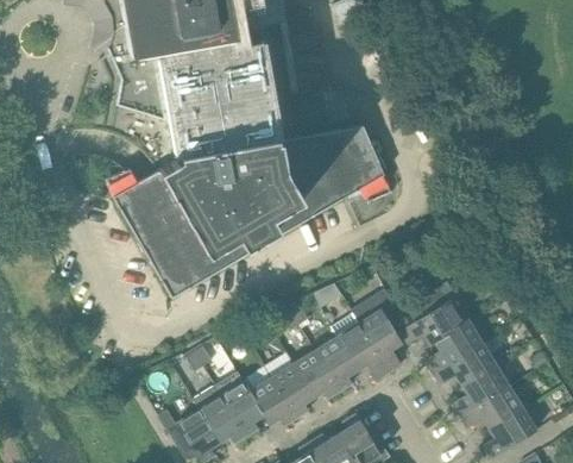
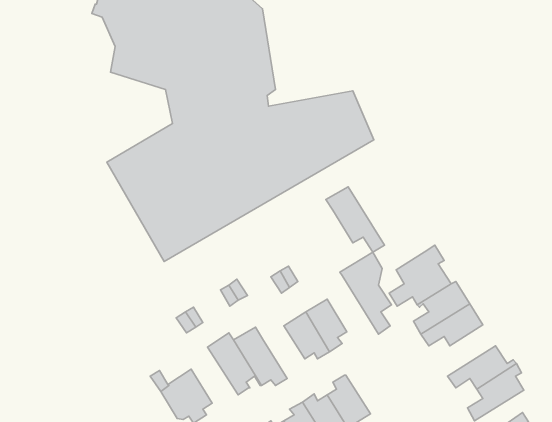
building: [330,313,390,380] -> [326,187,384,252]
building: [265,352,315,418] -> none
building: [452,359,509,415] -> none
building: [194,386,247,443] -> none

